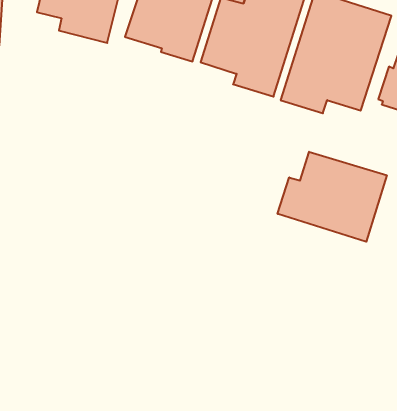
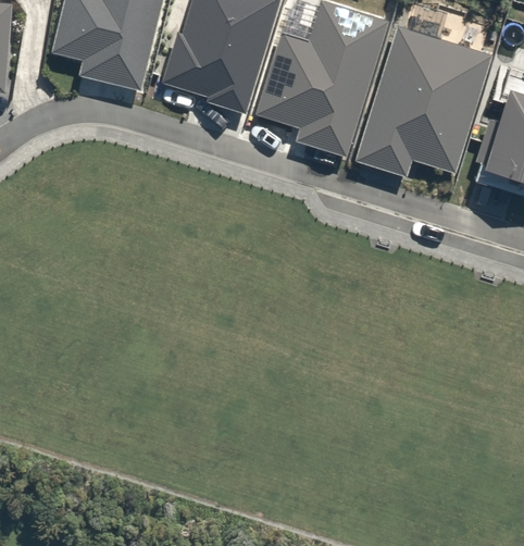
building: [278,152,387,242] -> none

